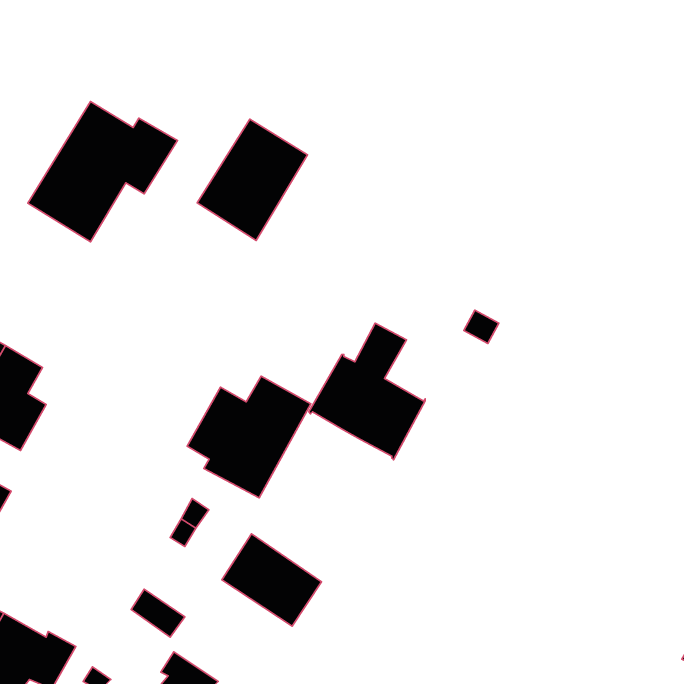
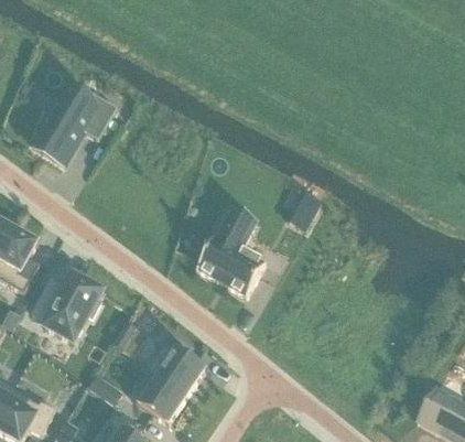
building: [197,119,308,241] -> none
building: [187,376,311,498] -> [30,269,104,342]
building: none -> [134,367,185,421]

